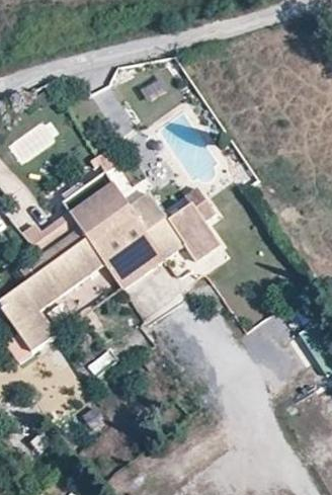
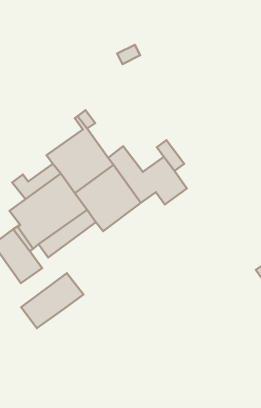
building: none -> [21,273,83,328]

